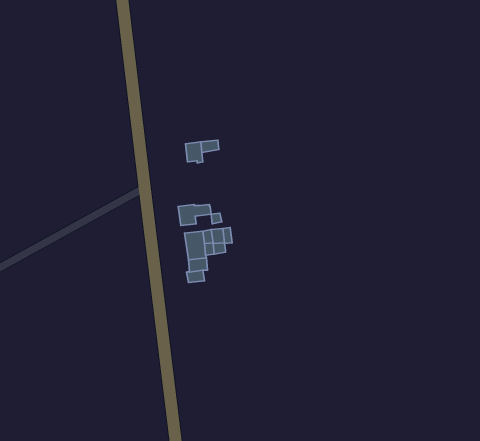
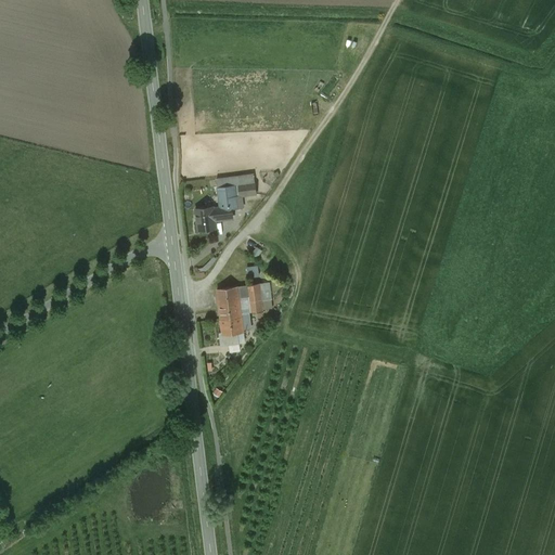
building: [178,205,211,226] -> [194,207,232,231]

